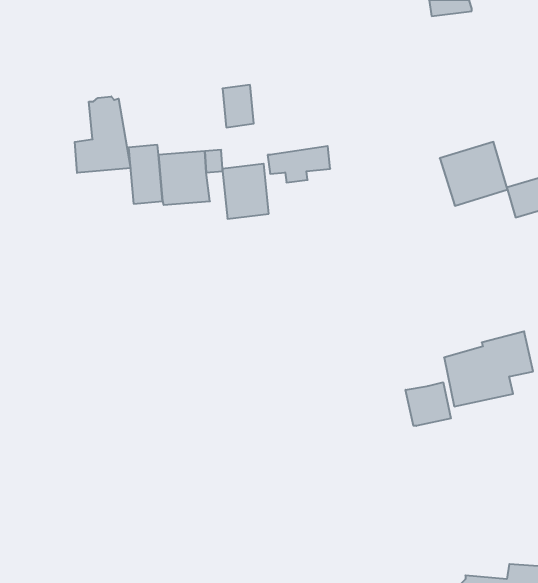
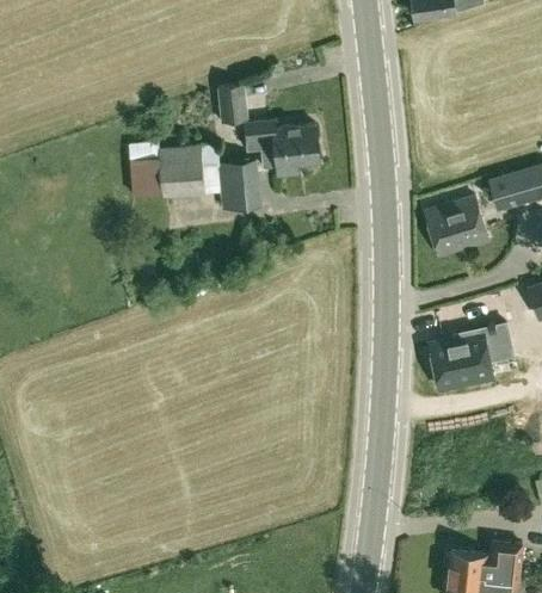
building: [75,96,130,173] -> none
building: none -> [244,121,318,152]
building: [440,142,507,206] -> [424,197,488,258]
building: [406,382,451,426] -> none

